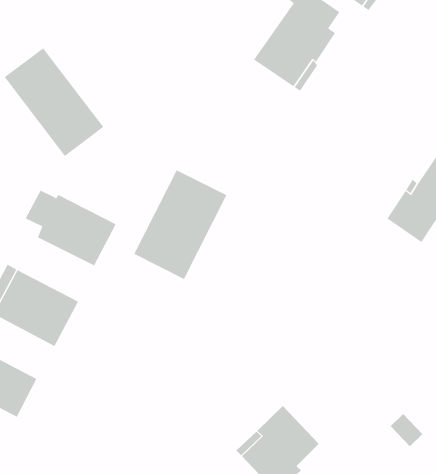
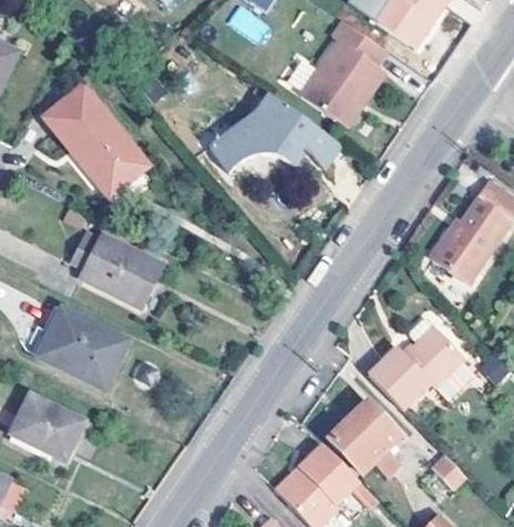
building: none -> [209,95,340,172]
building: [133,169,227,280] -> none
building: none -> [371,318,467,409]
building: none -> [329,397,402,474]

